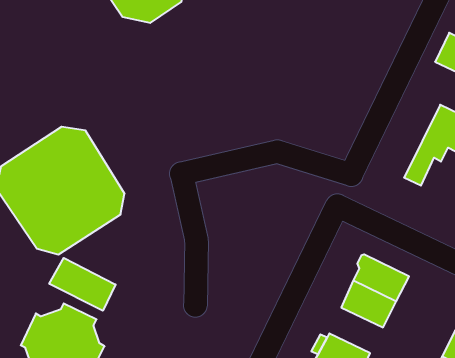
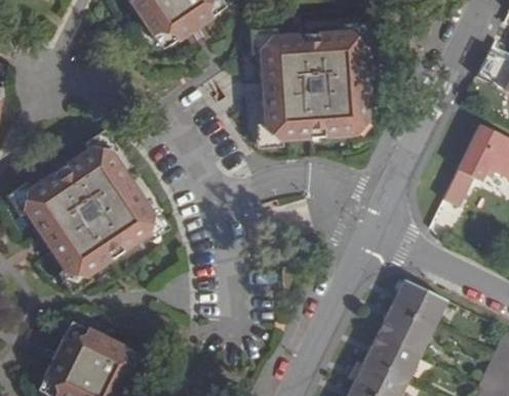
building: none -> [258,30,371,142]
building: [49,258,116,311] -> none
building: none -> [365,333,421,381]

